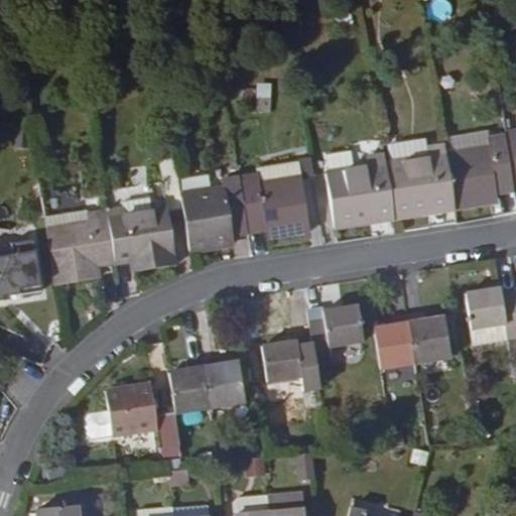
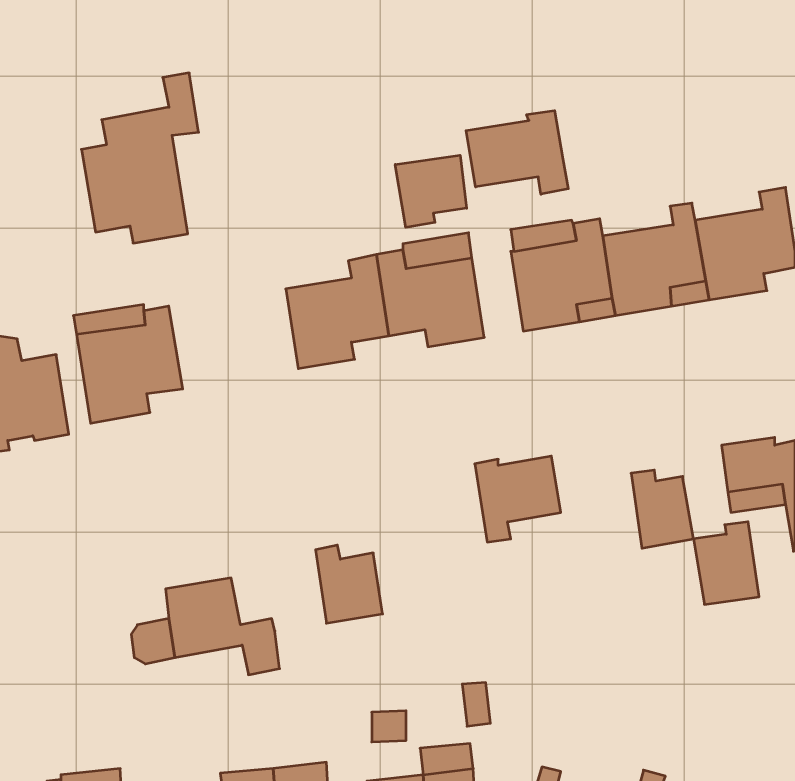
building: none -> [466,111,568,194]
building: none -> [395,155,467,227]
building: [109,159,184,269] -> [81,73,199,243]
building: [372,316,414,370] -> [693,522,759,604]
building: [261,341,318,388] -> none
building: [171,366,211,418] -> none

